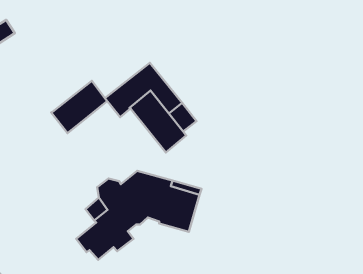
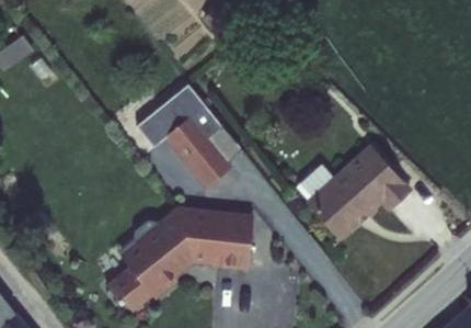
building: [51,81,107,133] -> none
building: none -> [298,147,412,241]

